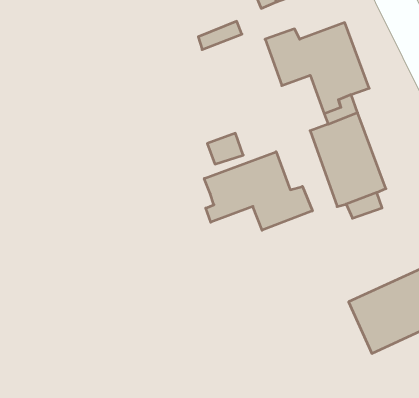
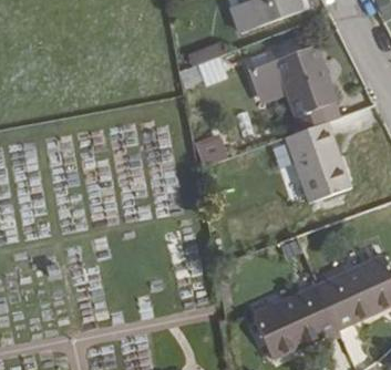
building: [204,152,312,230] -> none
building: none -> [251,284,338,359]

